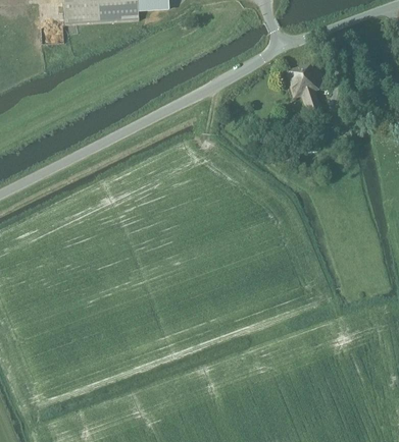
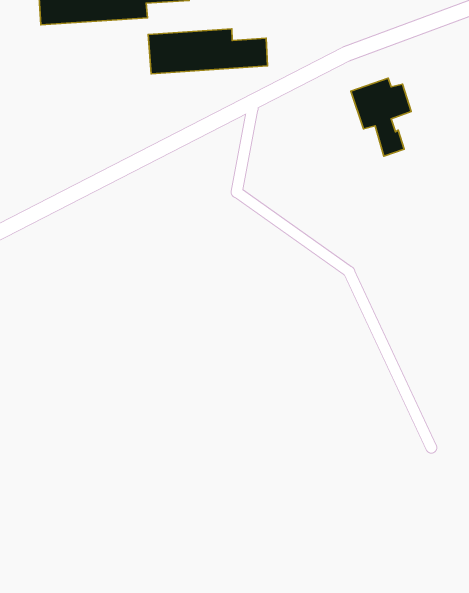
building: none -> [148,29,267,74]

